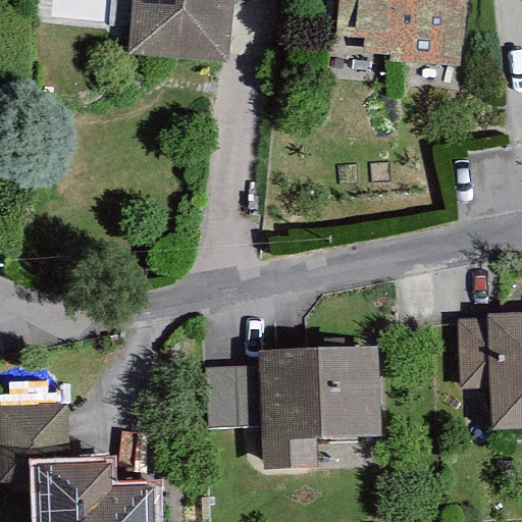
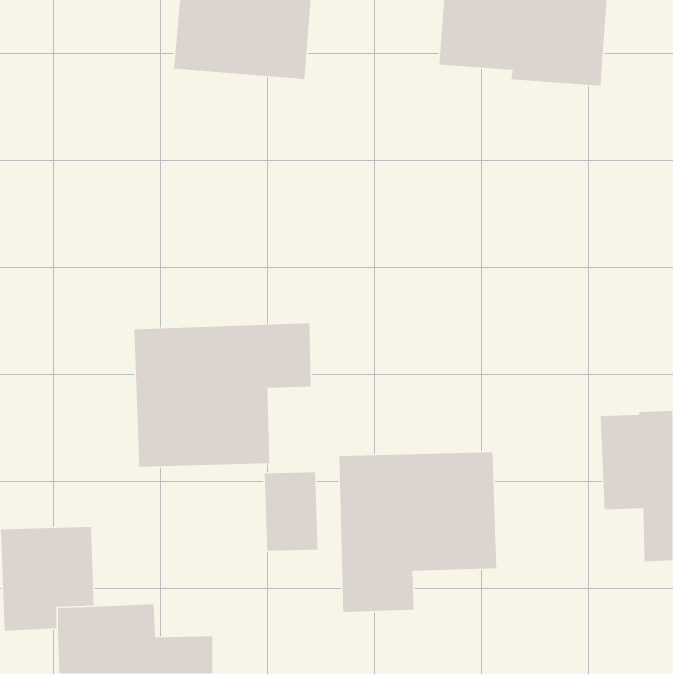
building: none -> [134,323,312,467]

